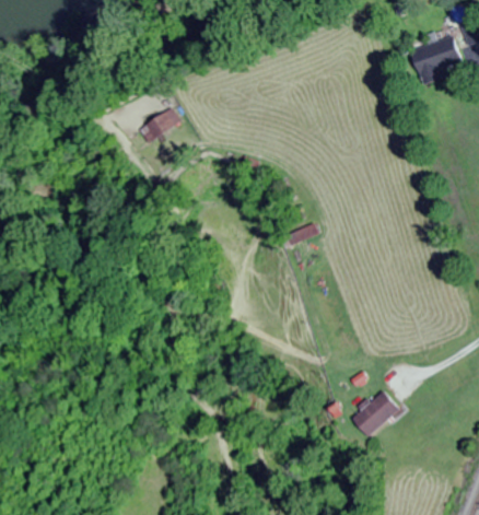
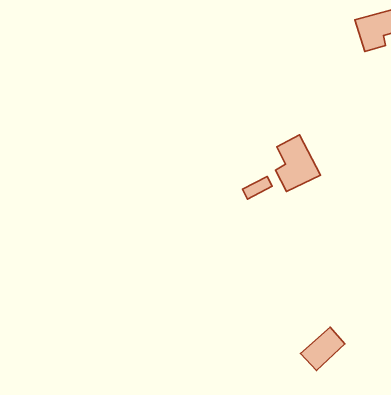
building: [139,106,180,143] -> none
building: none -> [276,135,321,191]

